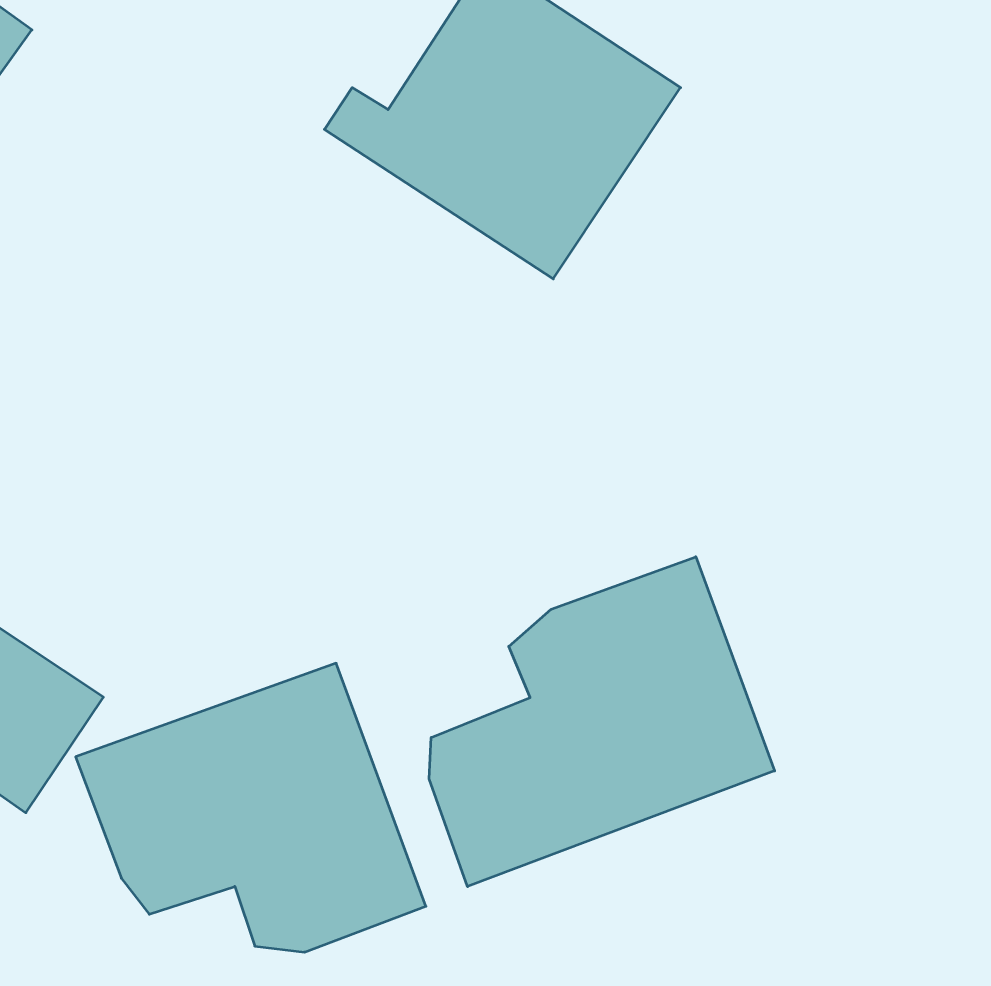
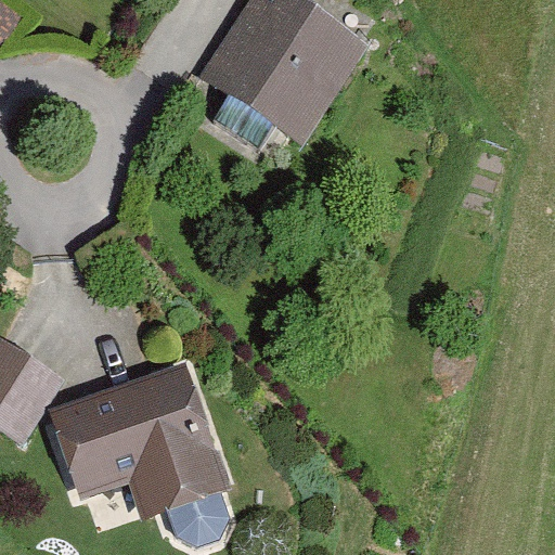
building: [429,557,775,887] -> none

